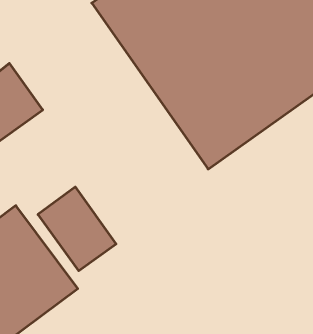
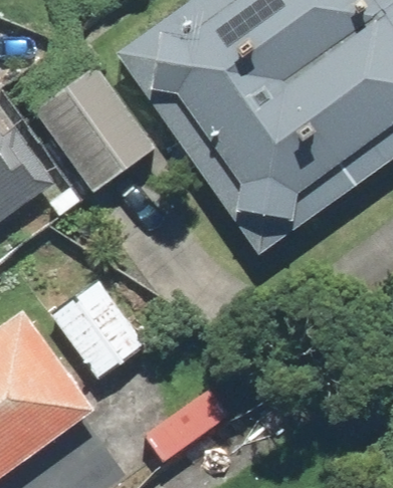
building: none -> [31,61,157,193]

